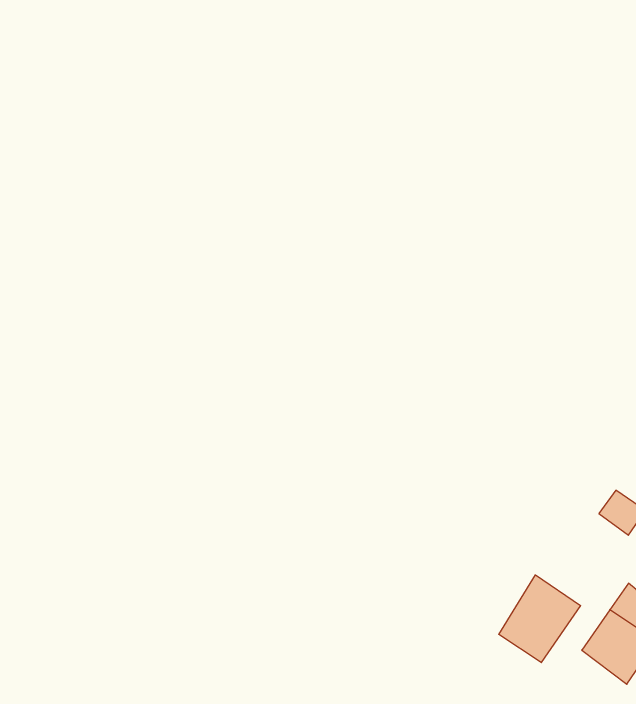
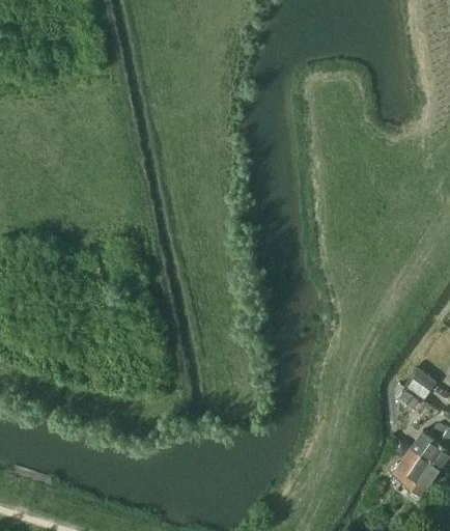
building: [499,575,581,663] -> none

